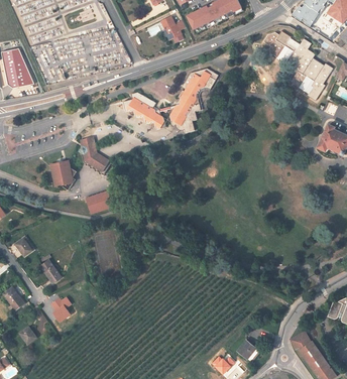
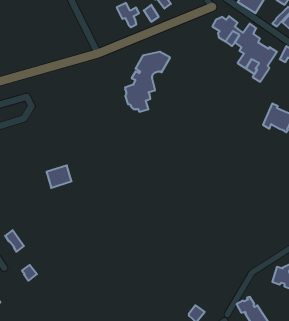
building: [122,92,165,130] -> none
building: [78,137,111,175] -> none
building: [50,161,76,192] -> none

